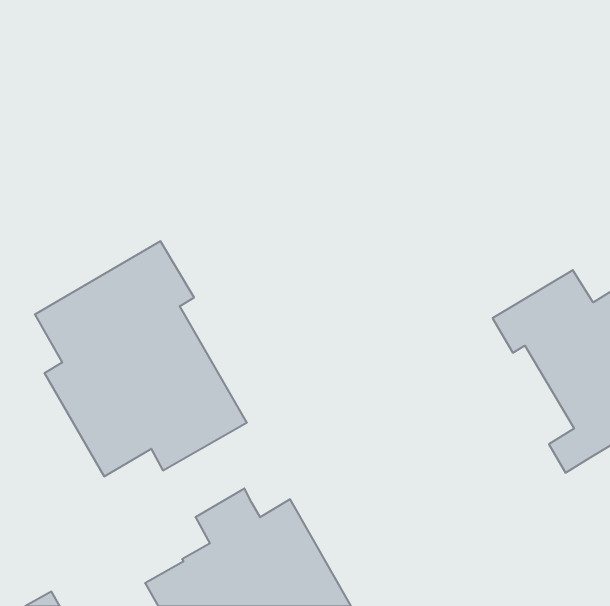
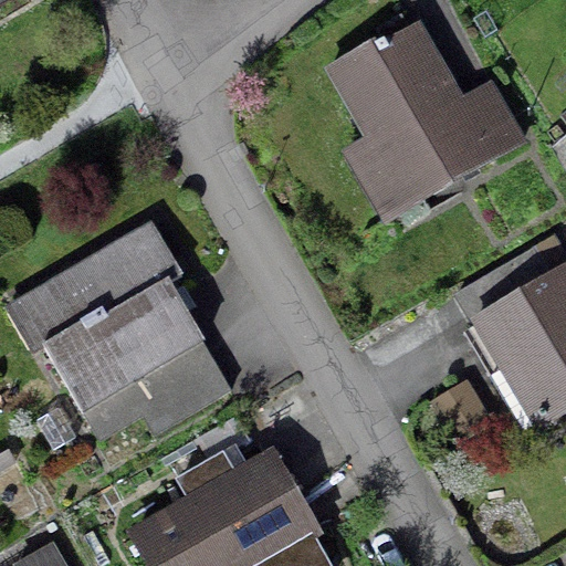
building: none -> [328,28,522,206]

